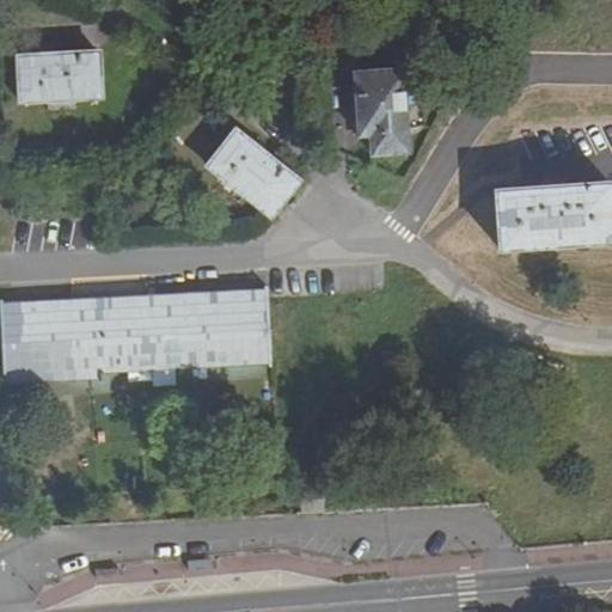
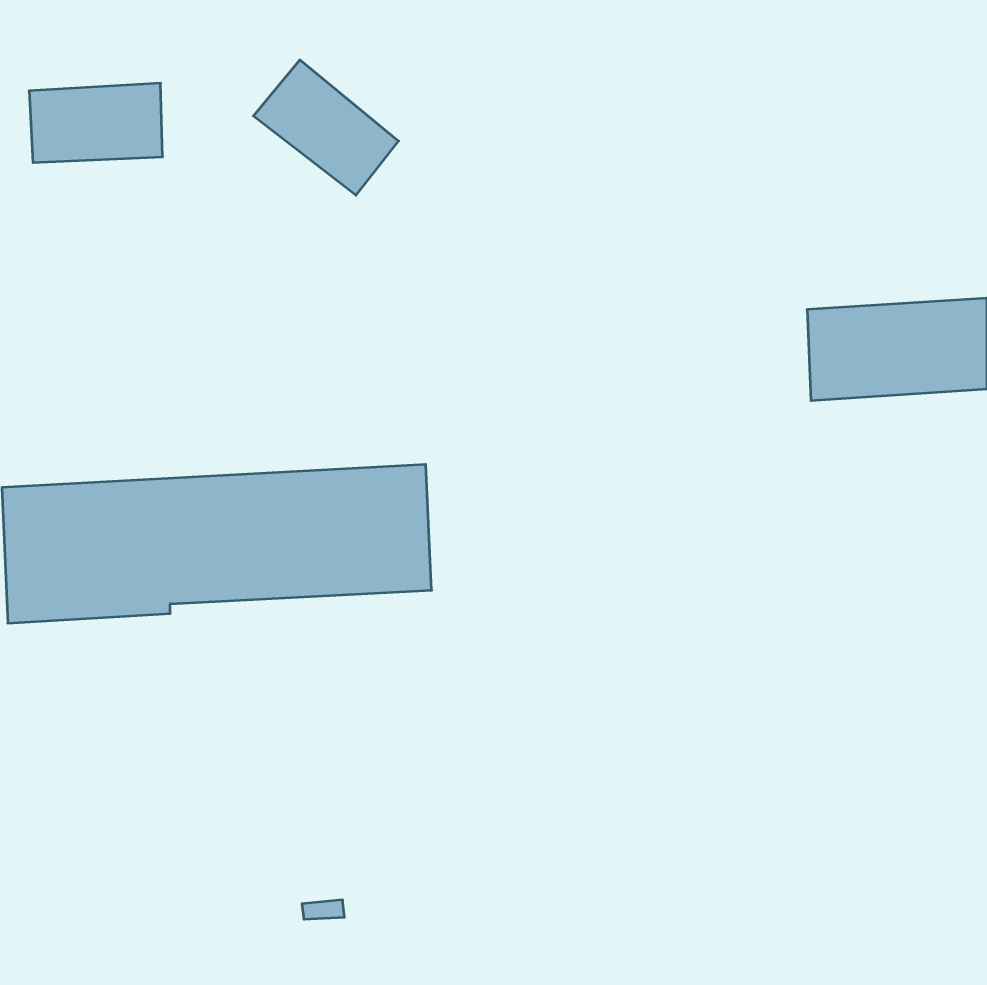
building: [354,69,408,154] -> none
building: [207,130,296,214] -> [253,60,399,195]

